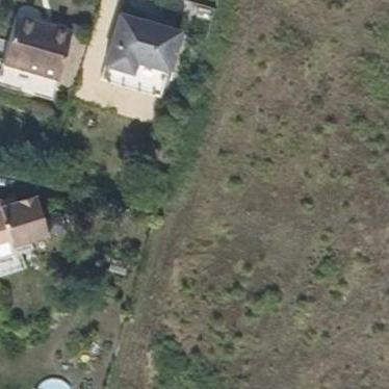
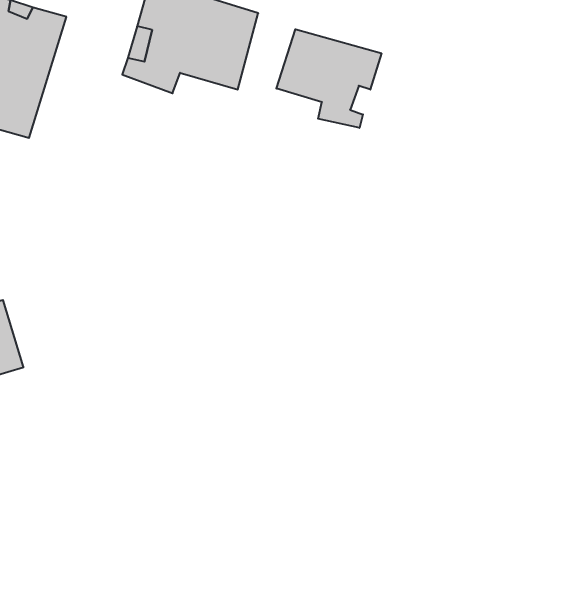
building: none -> [276,29,381,128]

